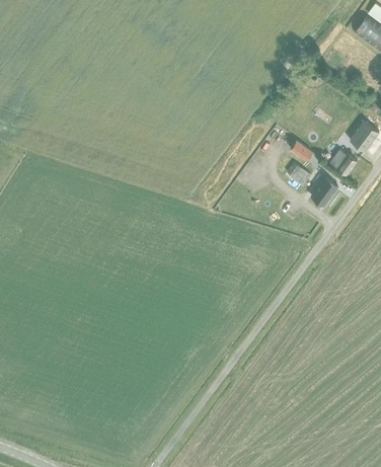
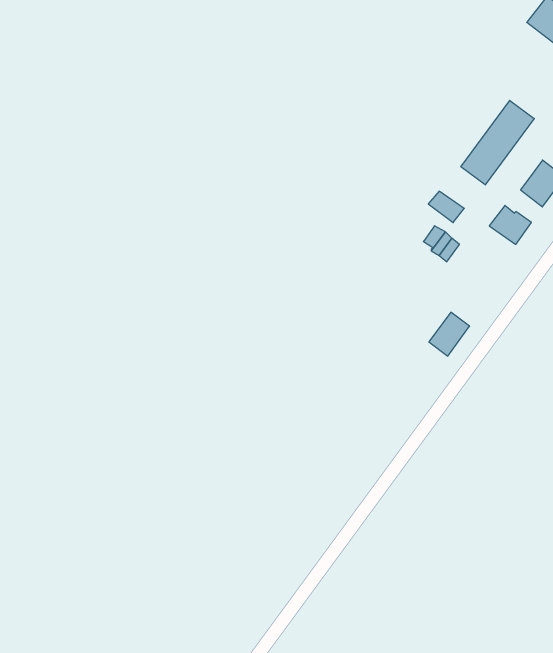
building: none -> [461,100,534,185]
building: [311,176,337,205] -> [429,312,470,356]

